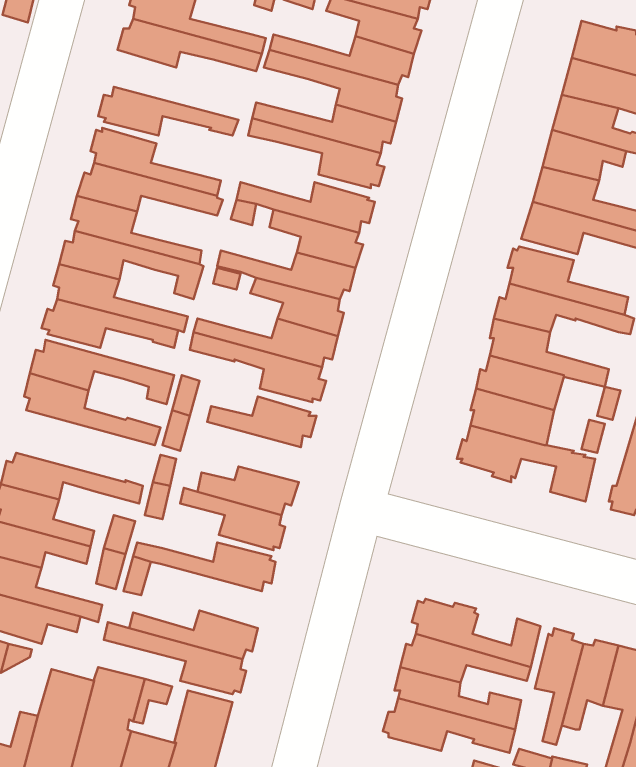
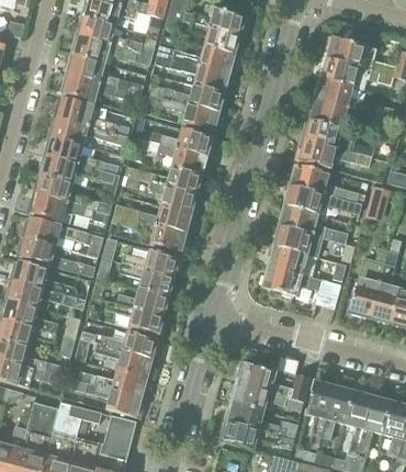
building: none -> [67,54,142,93]
building: none -> [12,261,78,297]
building: none -> [120,263,177,297]
building: none -> [93,344,155,380]

